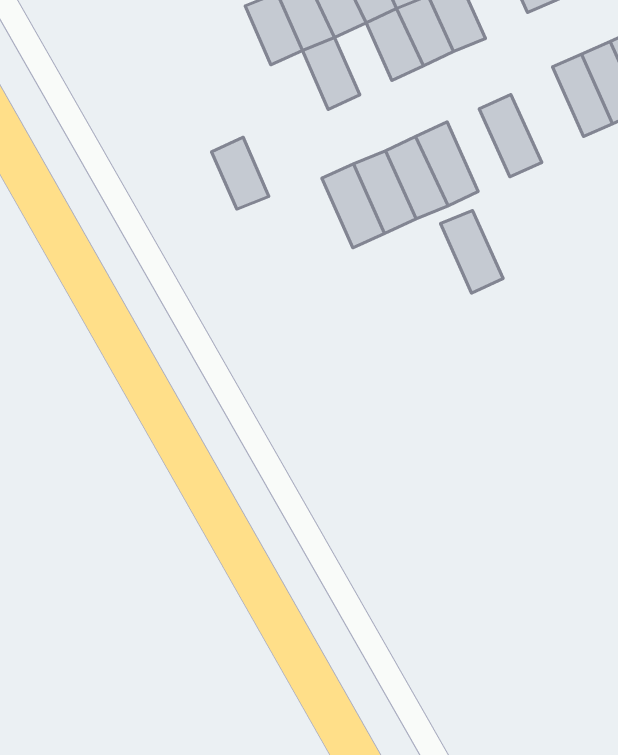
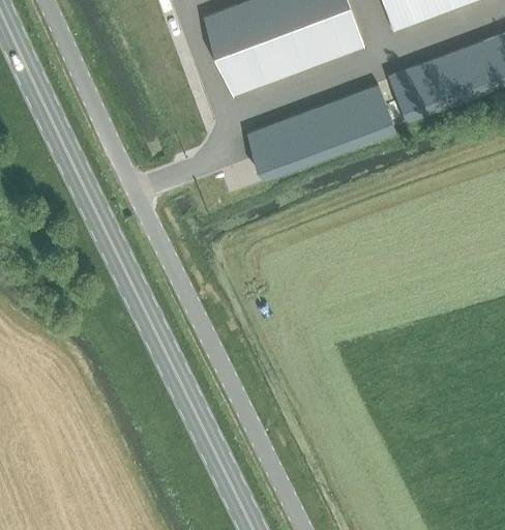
building: none -> [263,31,299,79]
building: none -> [387,68,424,123]
building: [211,137,269,209] -> [219,47,256,94]
building: [441,210,503,293] -> [334,93,374,148]

